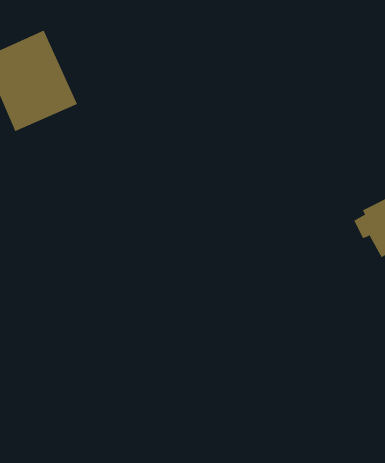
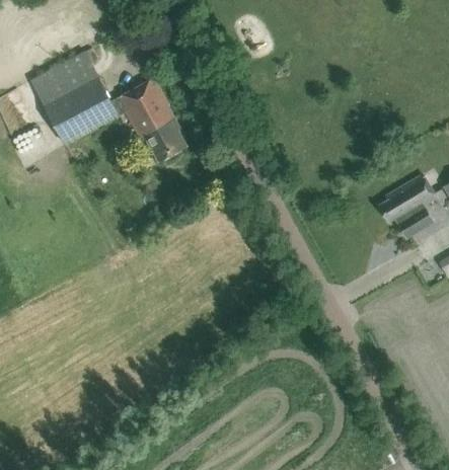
building: none -> [119,79,188,162]

